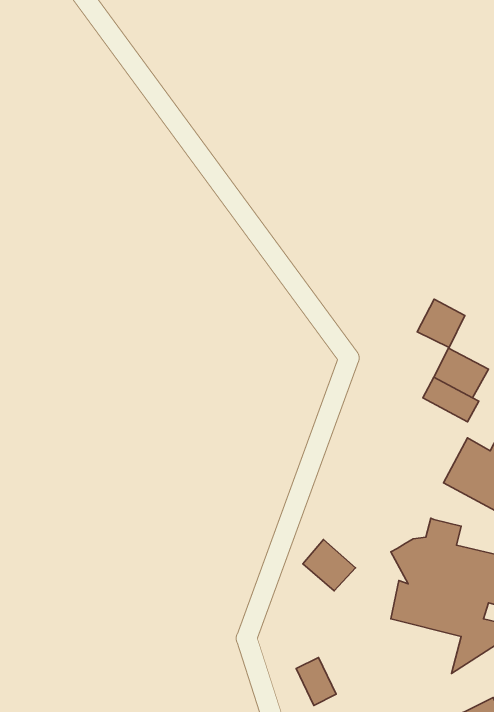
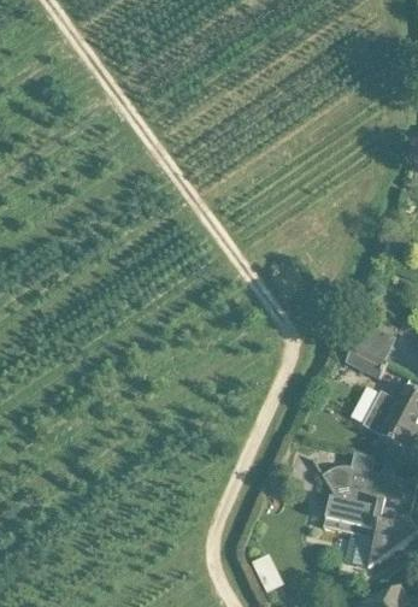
building: [417,299,465,347] -> none
building: [303,539,355,591] -> none

